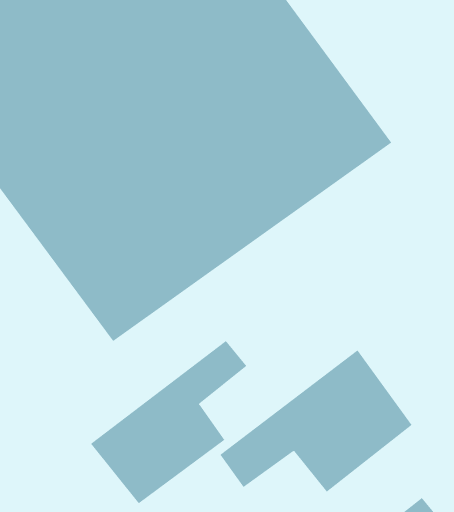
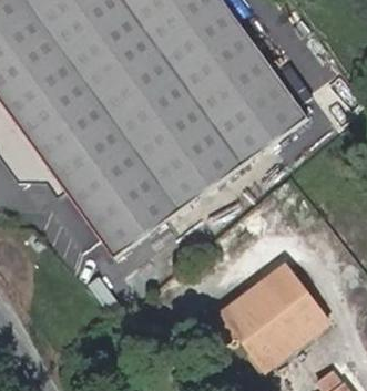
building: [90,340,247,504] -> none

